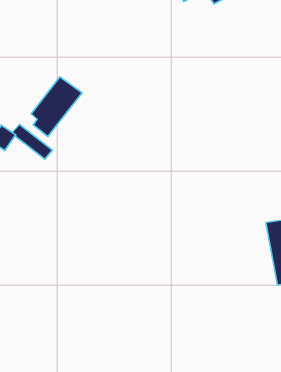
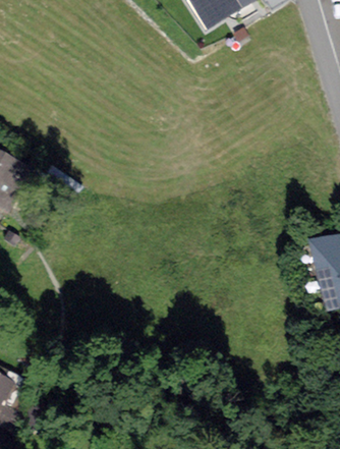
building: [31,77,82,137] -> none

